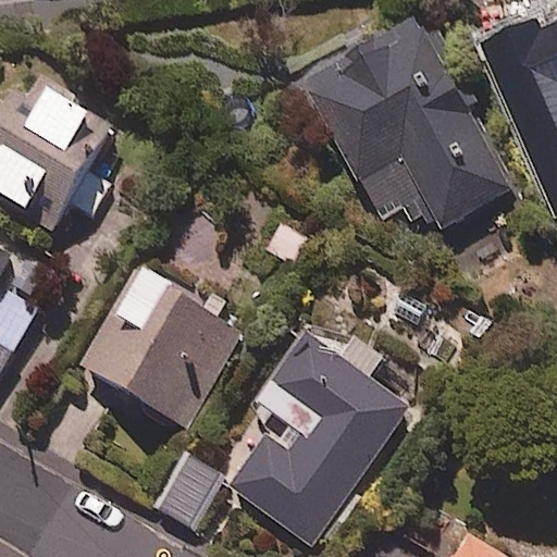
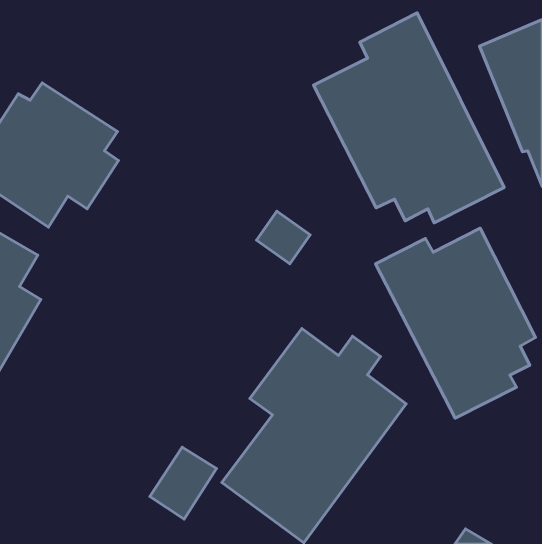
building: none -> [375,228,536,418]
building: [78,268,240,421] -> none

